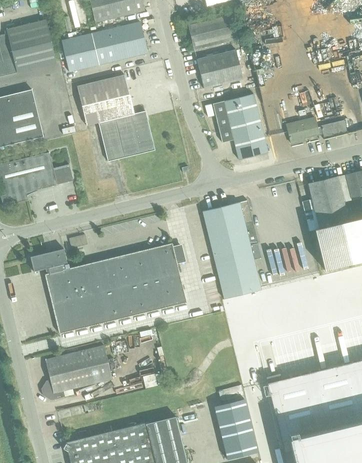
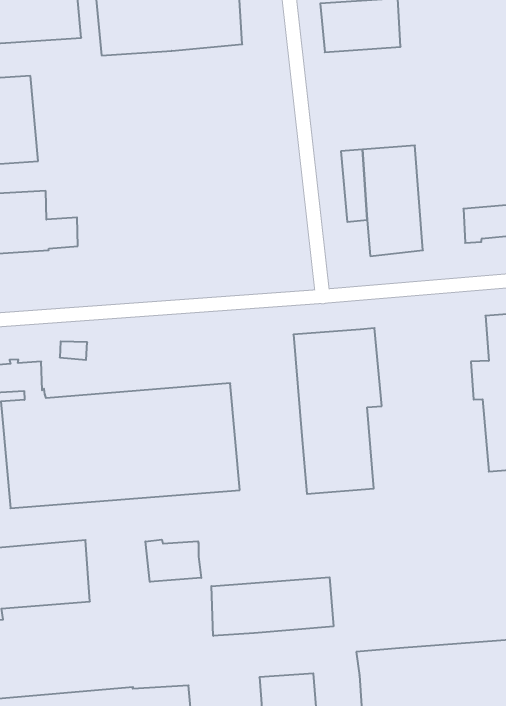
building: [196,50,242,89] -> none
building: [76,76,154,163] -> none
building: none -> [145,540,201,582]
building: none -> [211,577,333,636]

